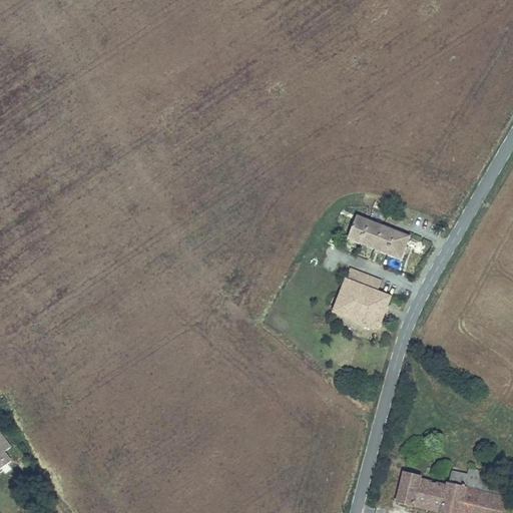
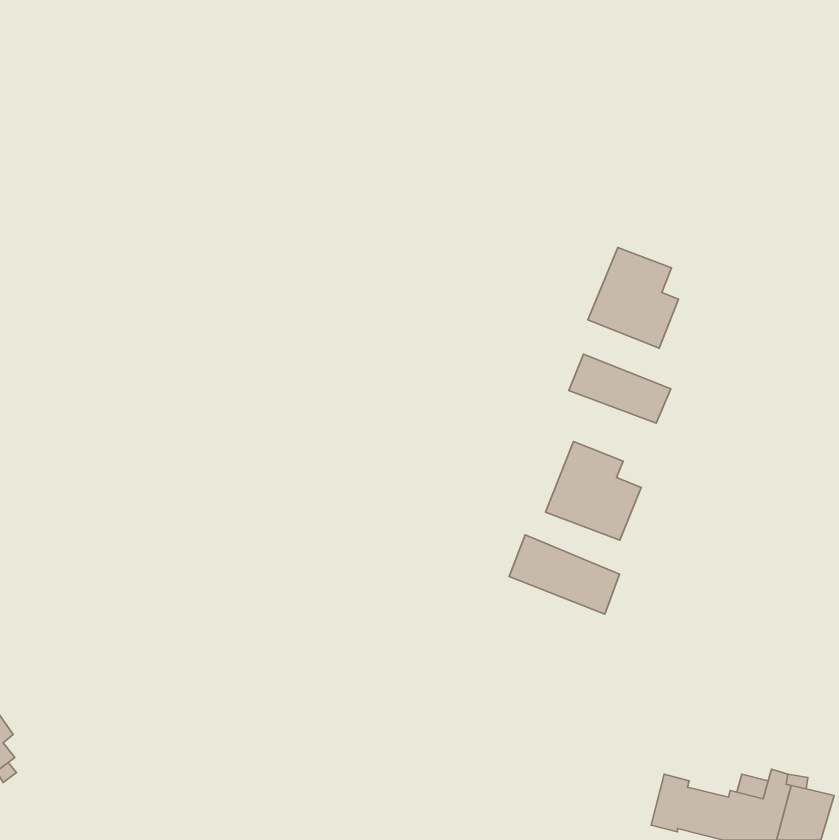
building: none -> [588,247,679,348]
building: none -> [509,535,620,614]

